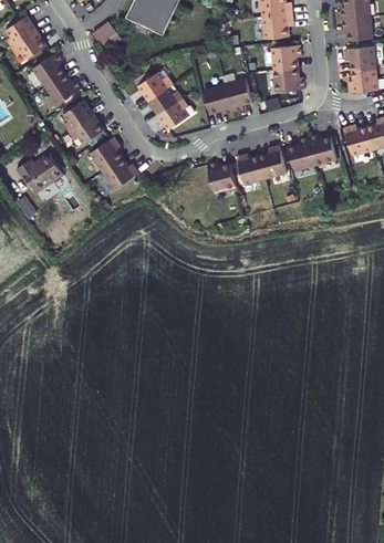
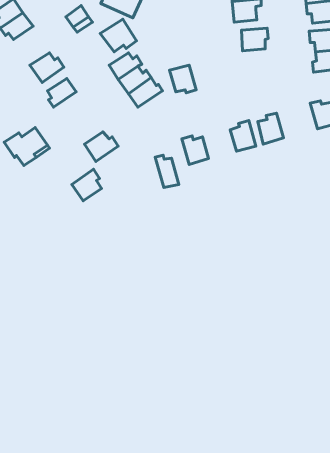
building: none -> [100,19,137,52]
building: [32,52,65,86] -> none
building: [273,69,304,93] -> none
building: [216,80,243,113] -> none
building: [70,115,104,144] -> none
building: [310,135,339,165] -> none
building: [91,137,123,171] -> [72,169,102,201]
building: [238,155,267,185] -> none
building: none -> [155,155,179,187]

